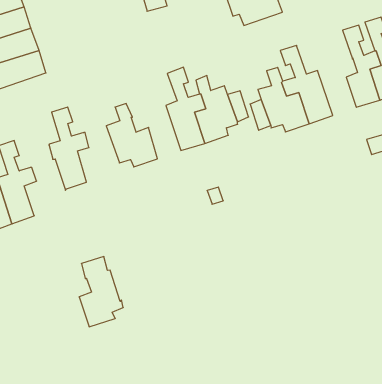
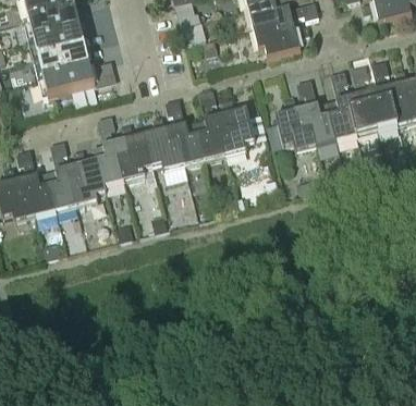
building: none -> [327,70,360,140]
building: none -> [164,98,205,165]
building: none -> [117,124,151,181]
building: [79,257,123,327] -> [69,147,106,206]

